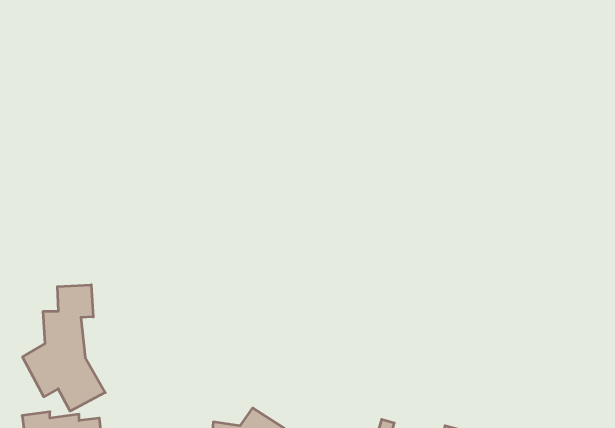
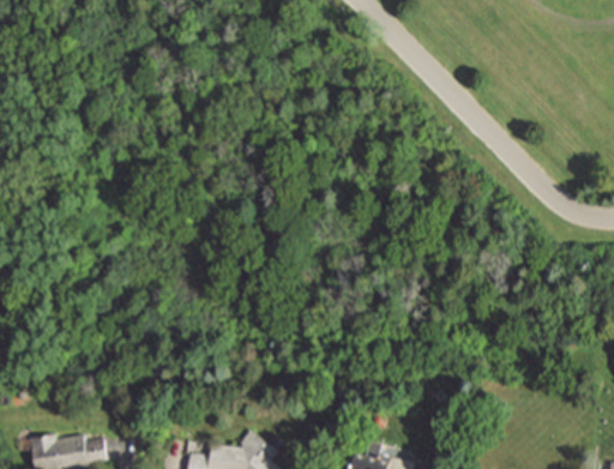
building: [23,285,105,411] -> none

